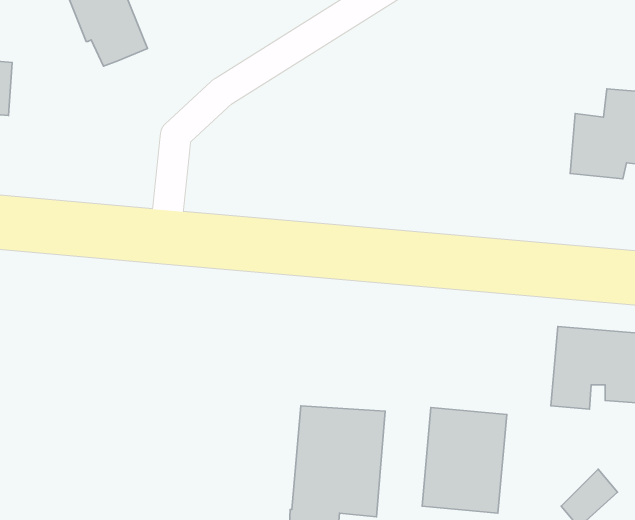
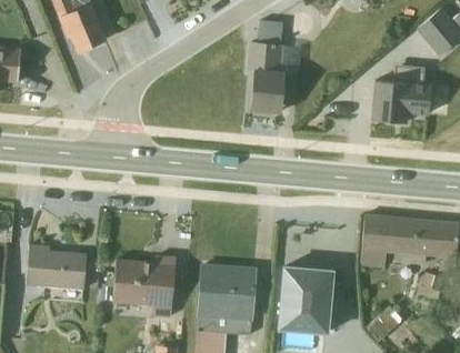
building: none -> [249,20,286,112]
building: none -> [27,244,87,302]
building: none -> [99,255,176,317]

